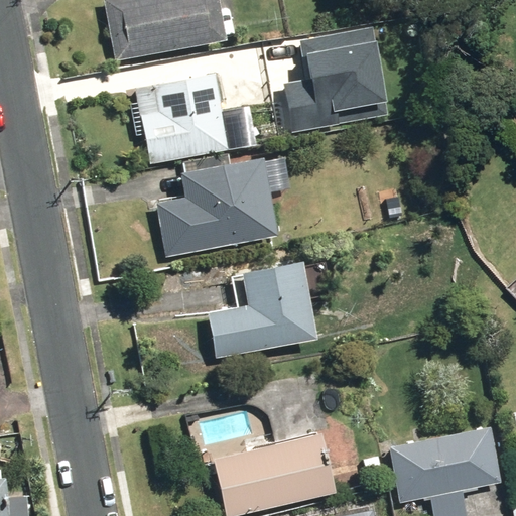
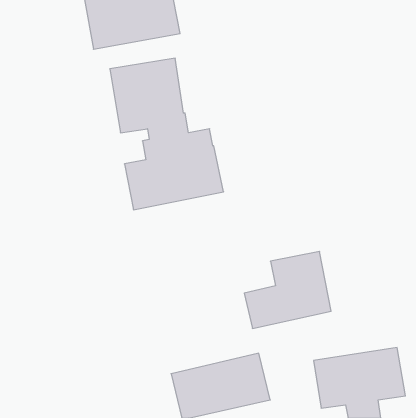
building: [282,24,384,116] -> none
building: [208,263,314,358] -> [244,251,331,328]

